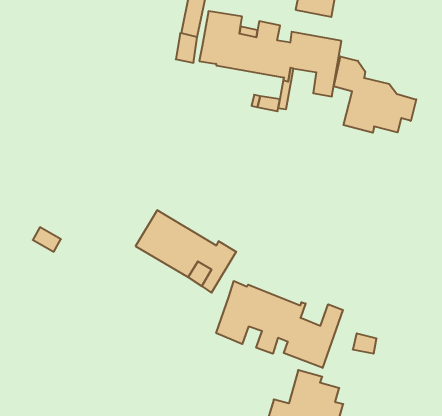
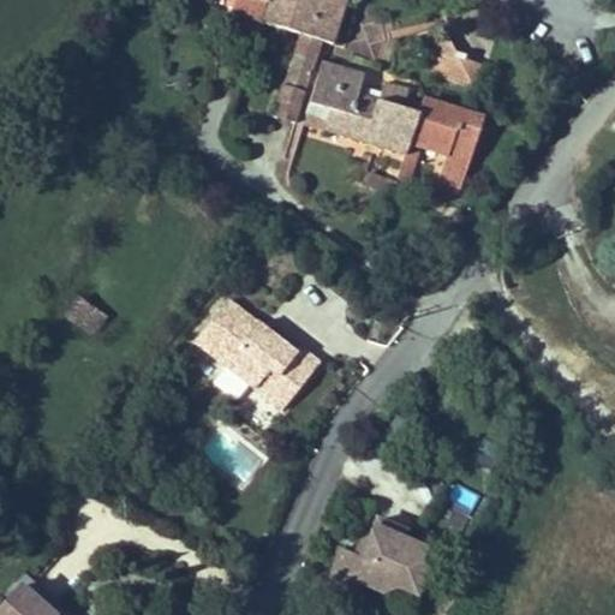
building: [334,56,416,133] -> none
building: [216,281,343,368] -> none

